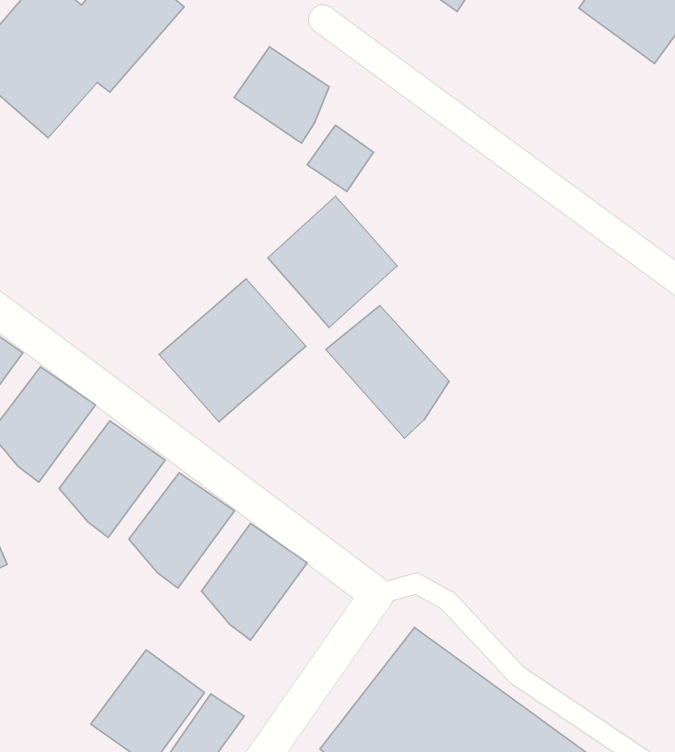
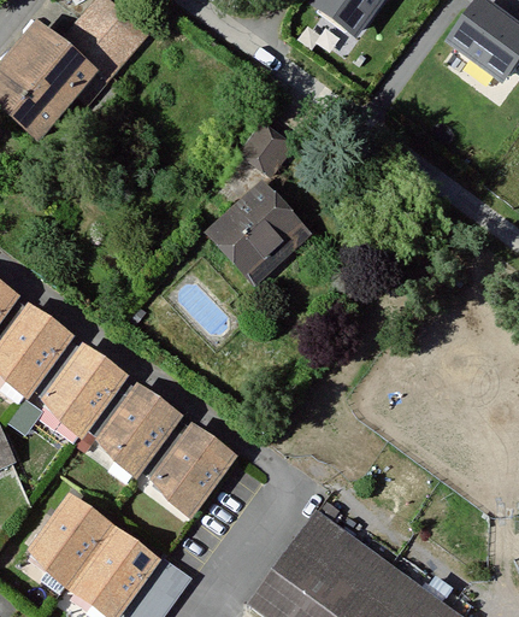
building: [234,47,329,143] -> none
building: [159,279,306,422] -> none
building: [326,305,449,438] -> none
building: none -> [30,495,113,583]

